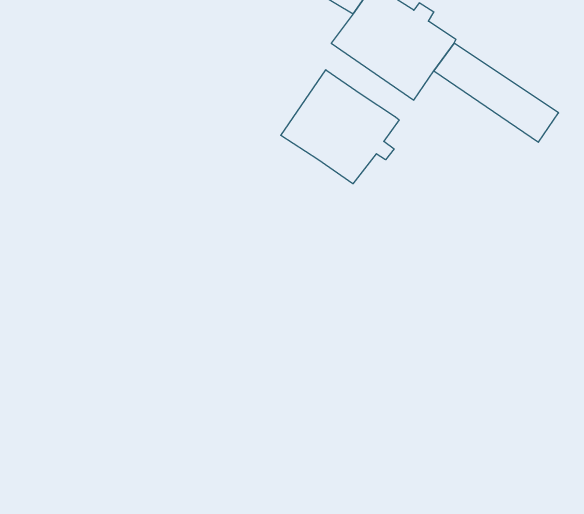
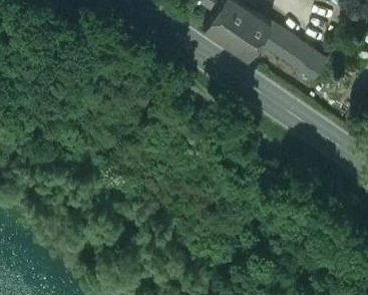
building: [281,70,399,184] -> none

